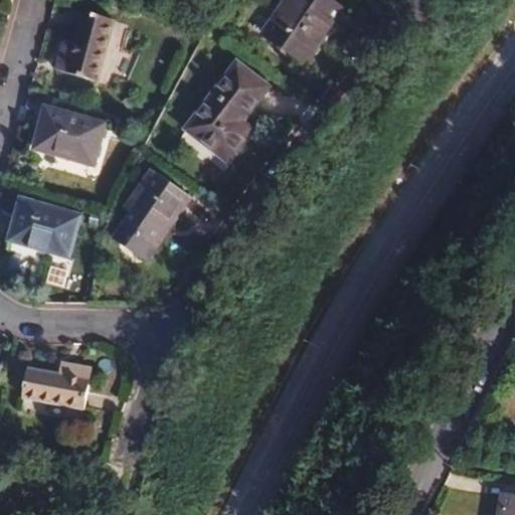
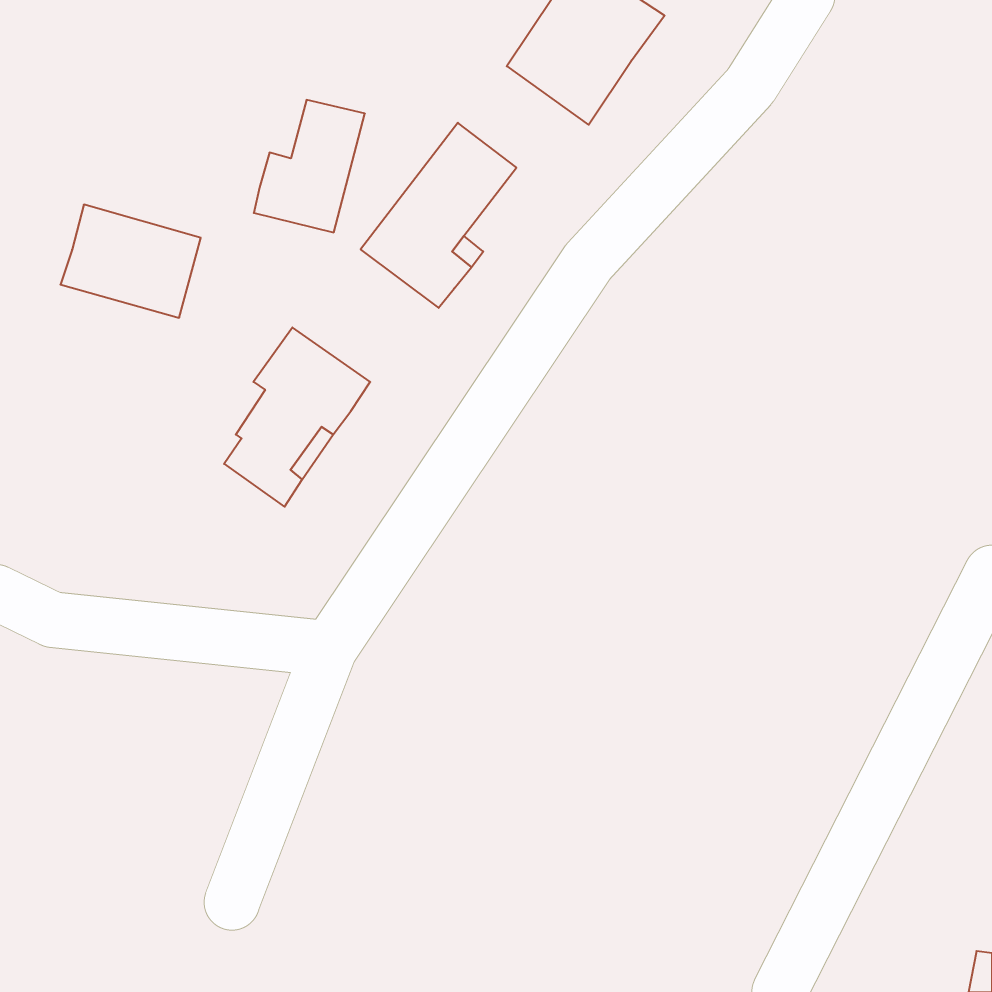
building: [54,11,112,79] -> [254,100,365,232]
building: [7,197,79,255] -> none
building: [21,361,91,408] -> none

